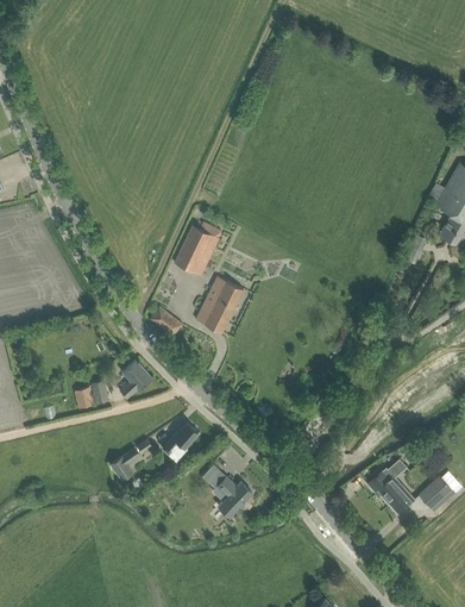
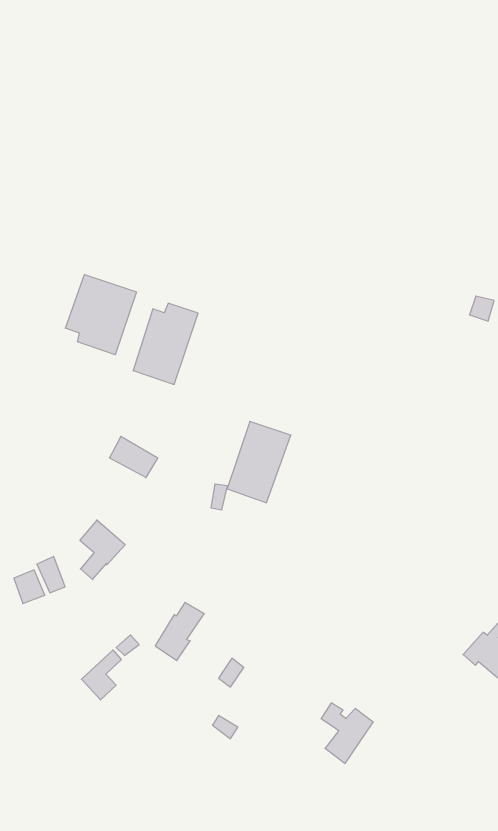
building: none -> [65,274,136,355]
building: [196,276,244,332] -> [227,421,291,503]
building: [218,476,252,518] -> [321,703,373,763]

